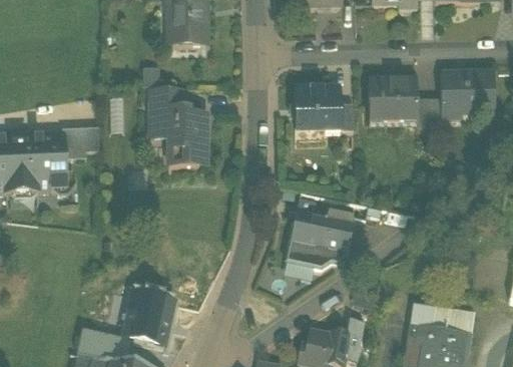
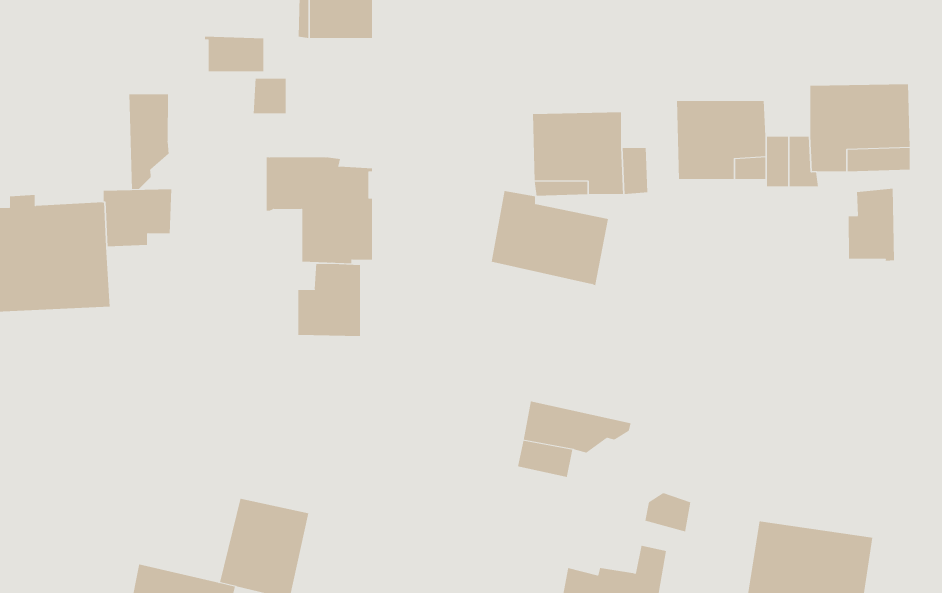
building: none -> [129,93,169,190]
building: [149,89,181,108] -> [204,36,264,72]
building: none -> [848,188,895,261]
building: none -> [298,263,360,337]
building: [291,201,354,252] -> [491,191,609,286]

